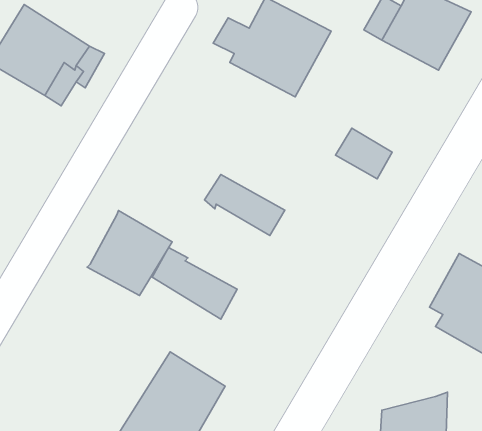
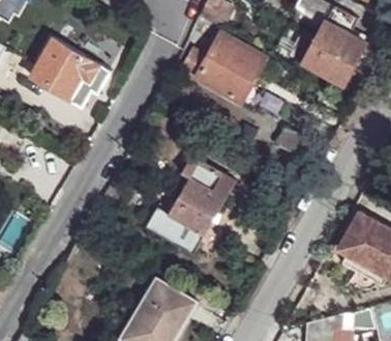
building: [87,210,172,295] -> [168,178,227,237]

